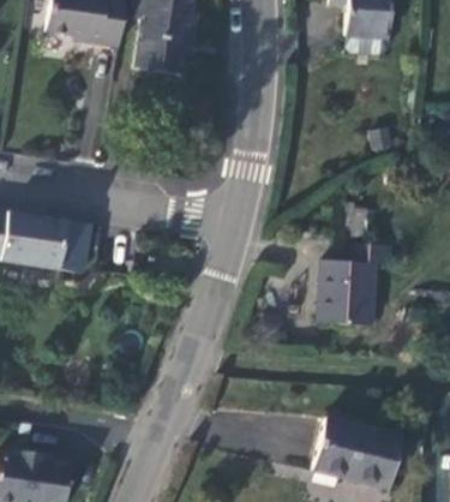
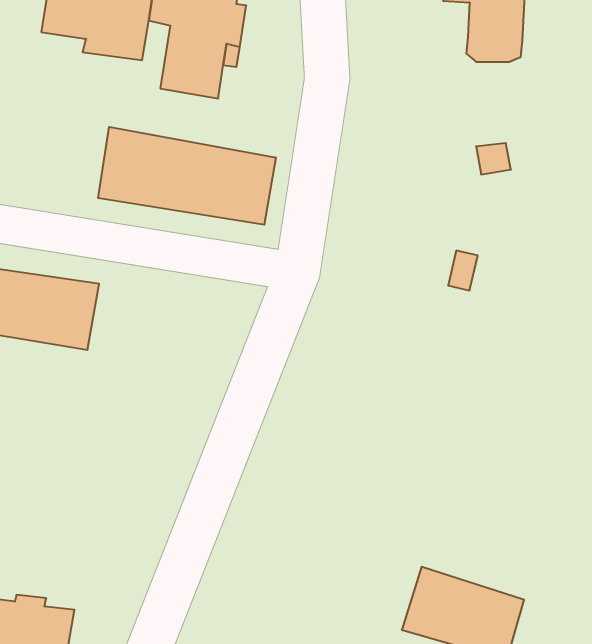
building: none -> [98,127,276,225]
building: [316,243,397,329] -> none

